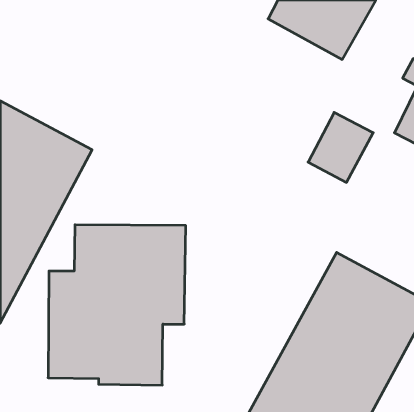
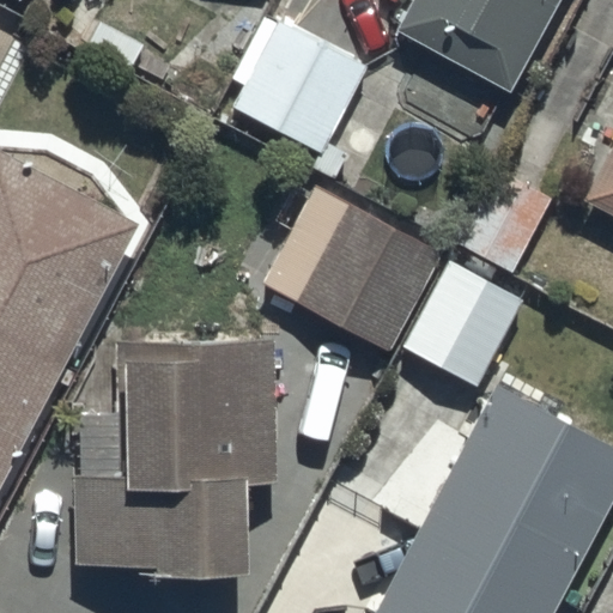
building: none -> [231,23,369,183]
building: none -> [298,208,441,352]
building: none -> [402,251,524,380]

